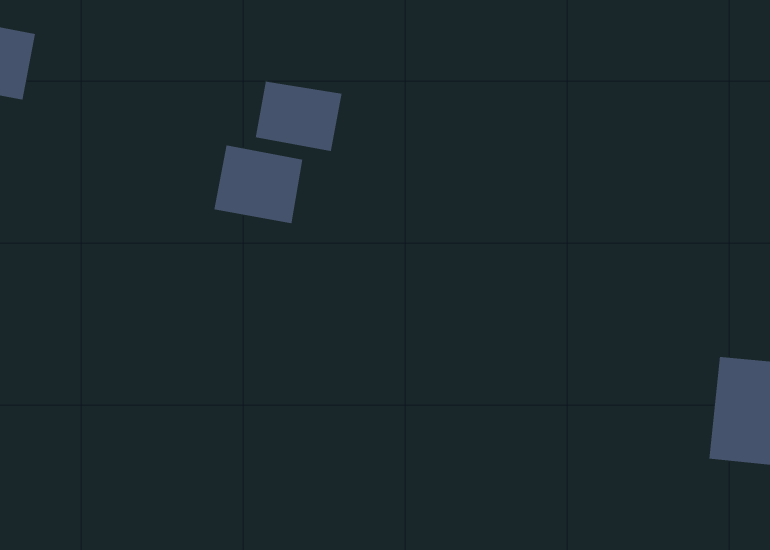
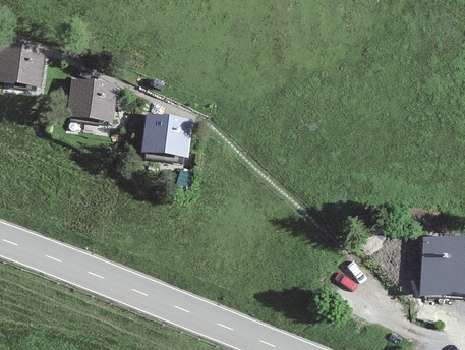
building: [255,81,342,152] -> none
building: none -> [68,79,112,121]

